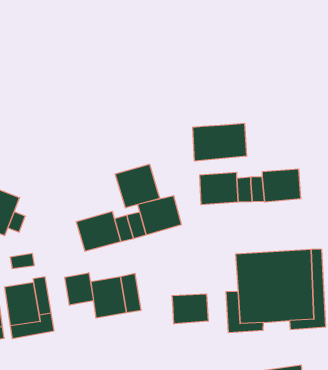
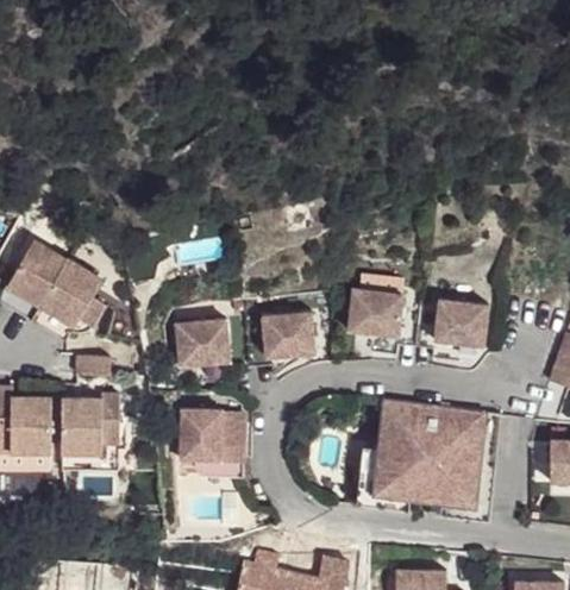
building: [193,123,247,161] -> none
building: [115,164,160,208] -> none
building: [65,273,93,305] -> none
building: [172,294,208,324] -> none

